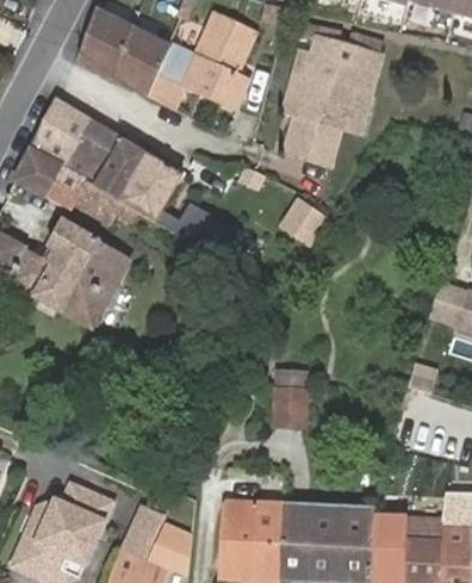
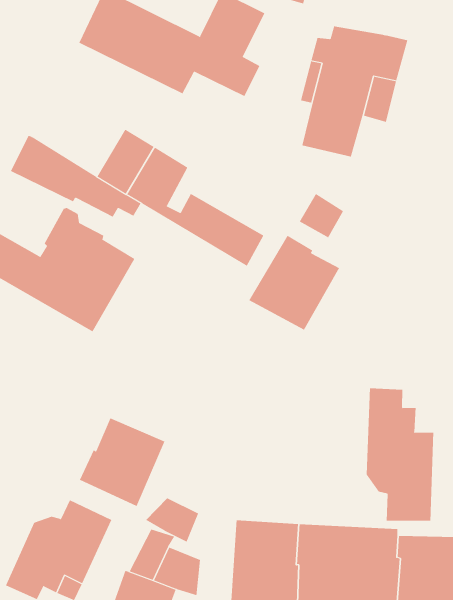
building: [35,101,120,182] -> none
building: none -> [249,235,340,331]
building: none -> [366,387,434,521]
building: [273,390,310,424] -> none
building: none -> [79,417,165,507]
building: none -> [145,498,199,543]

